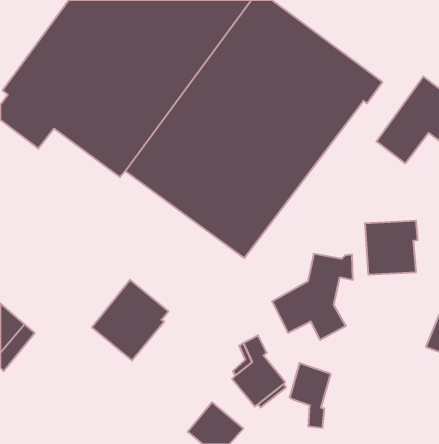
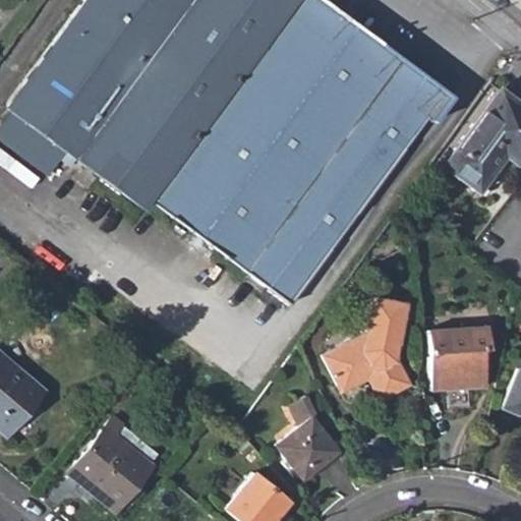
building: [365,221,418,275] -> [429,326,491,389]
building: [92,280,168,361] -> [71,415,161,510]
building: [290,363,330,428] -> none

